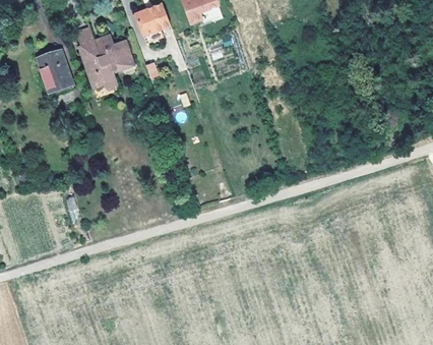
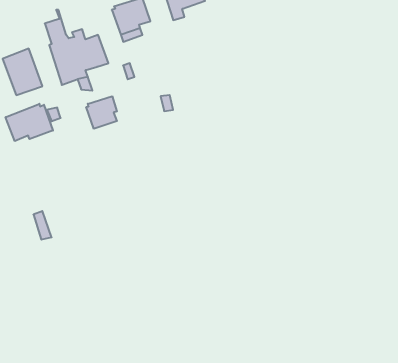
building: none -> [86,96,117,129]
building: none -> [6,104,53,141]

